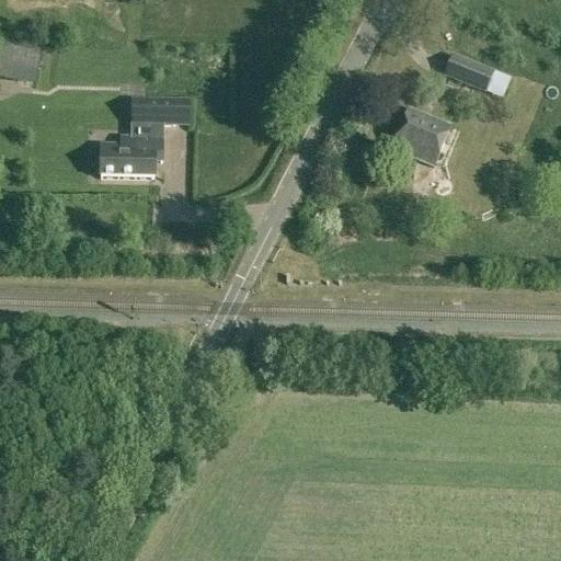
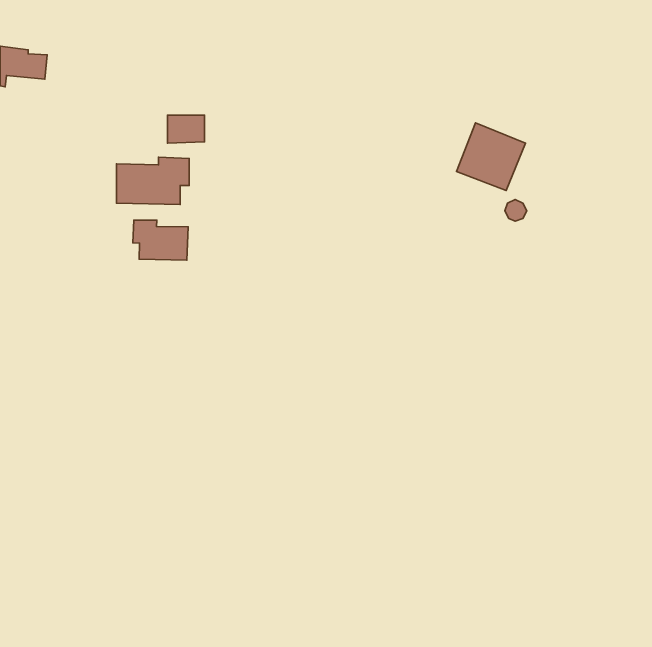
building: [444,50,495,90] -> none
building: none -> [133,220,188,260]

